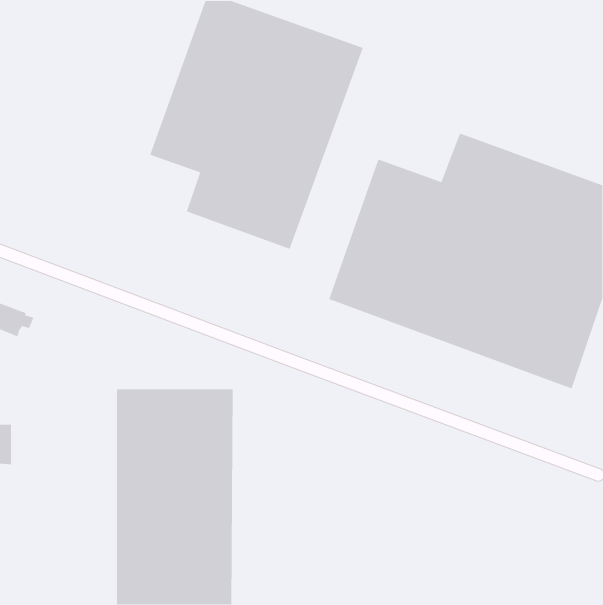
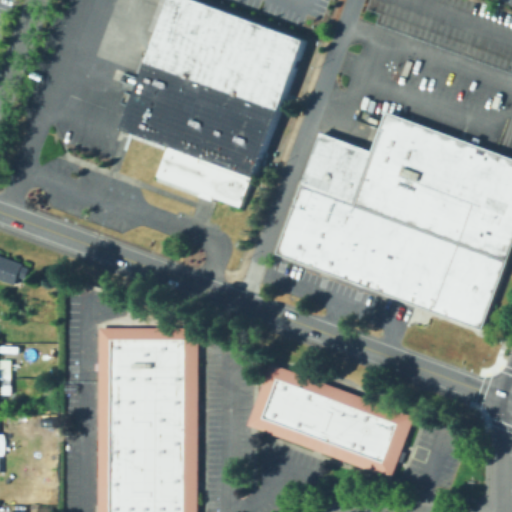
building: none -> [247,363,413,478]

